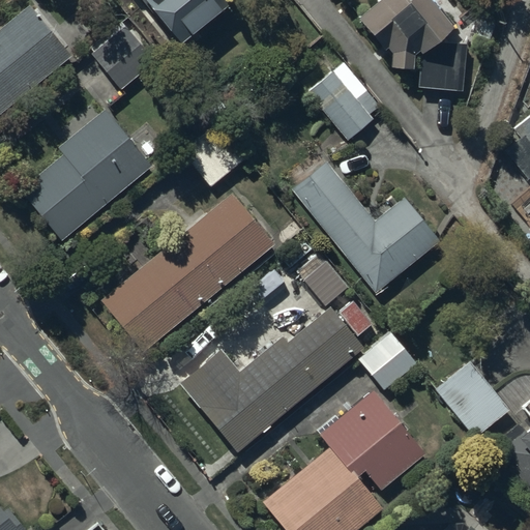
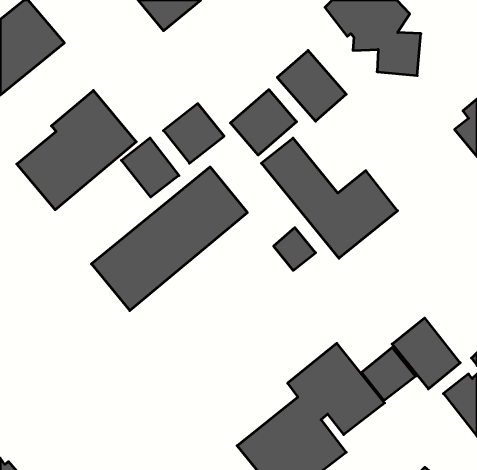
building: [88,22,157,92] -> none
building: none -> [230,90,297,155]
building: none -> [121,138,179,197]
building: [180,305,365,451] -> none
building: [358,332,418,391] -> [361,347,416,400]

